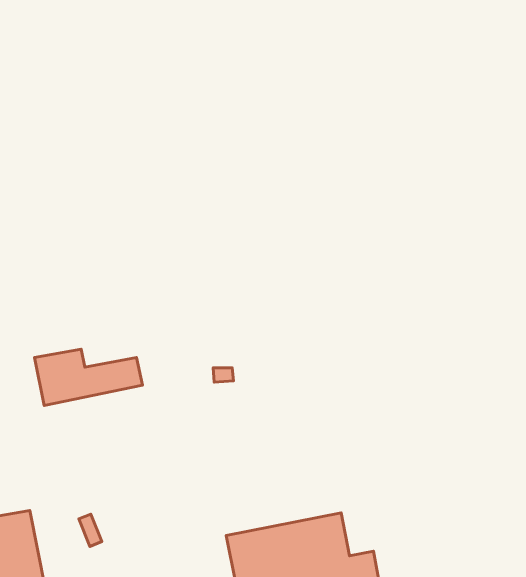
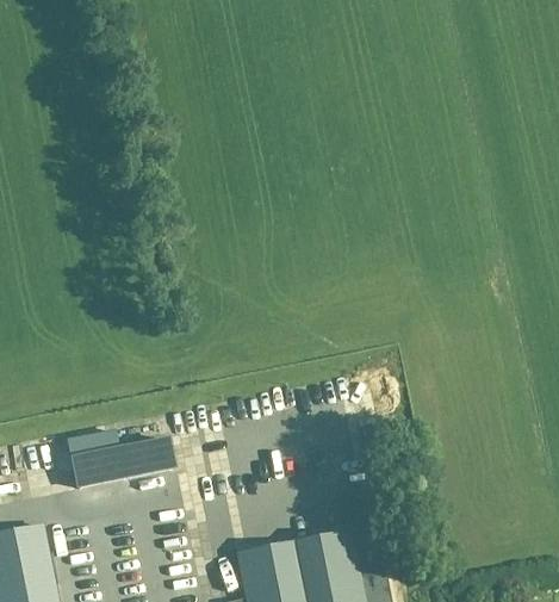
building: [35,349,142,405] -> [67,434,174,490]

